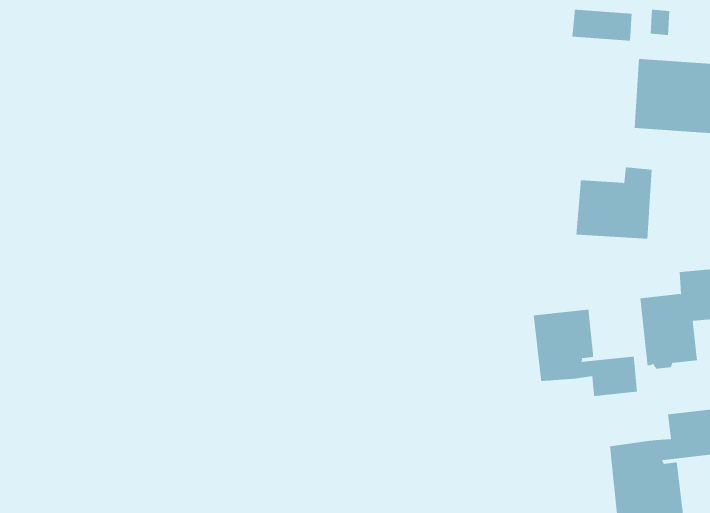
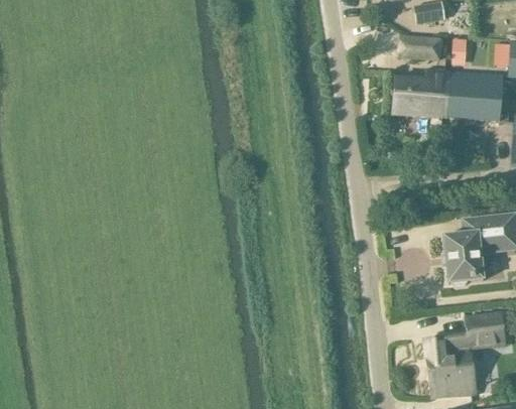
building: [576,167,653,239] -> [391,67,444,118]
building: [533,309,637,397] -> none

